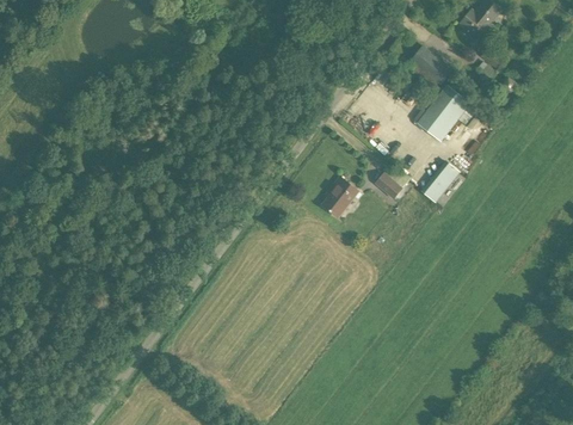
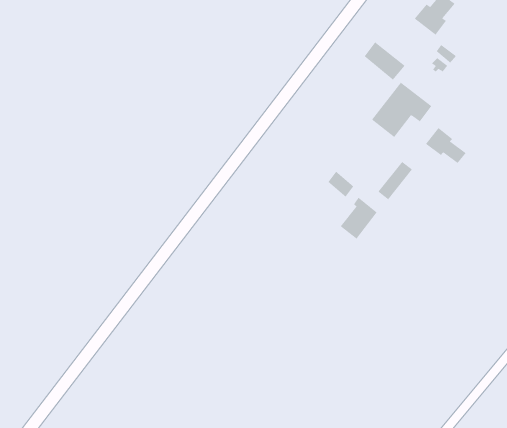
building: none -> [425,127,467,164]
building: [321,175,358,217] -> [340,197,378,239]

